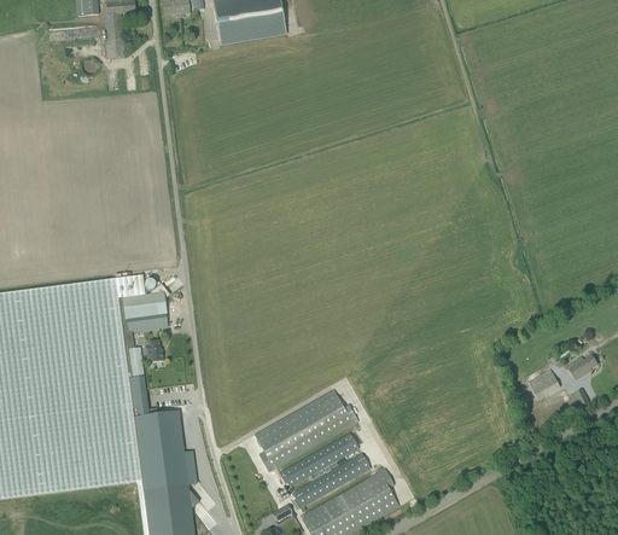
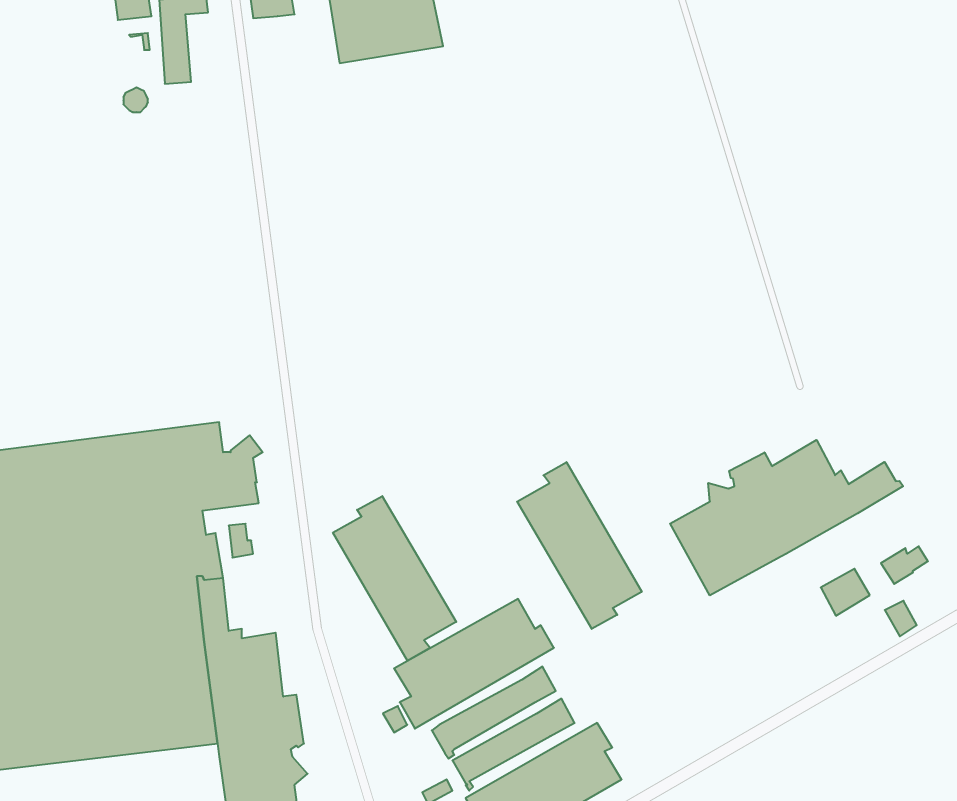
building: none -> [670,440,903,595]
building: none -> [517,462,642,629]
building: none -> [333,496,456,661]

